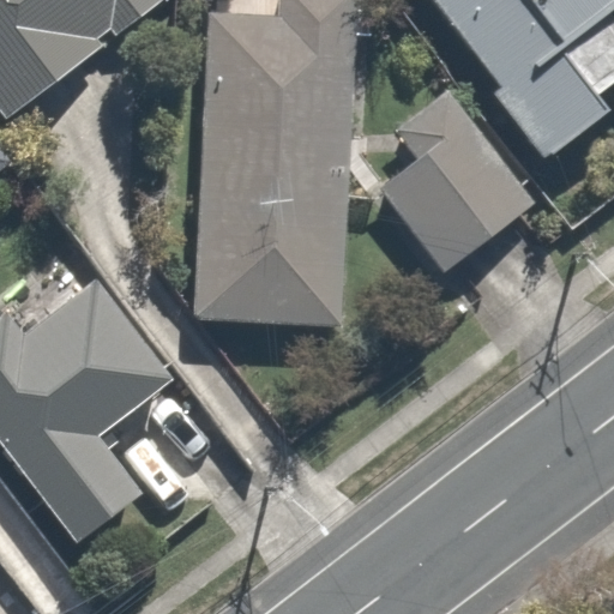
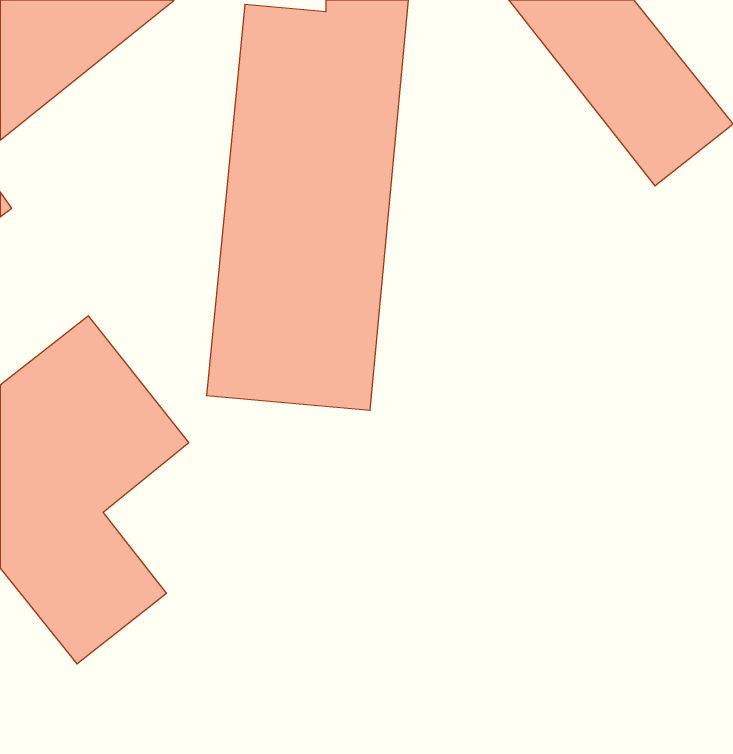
building: [377,113,540,273] -> none

